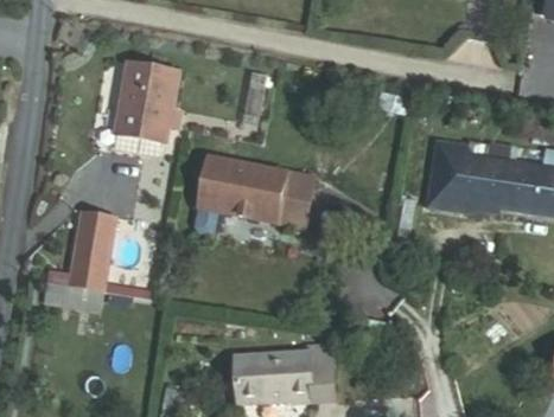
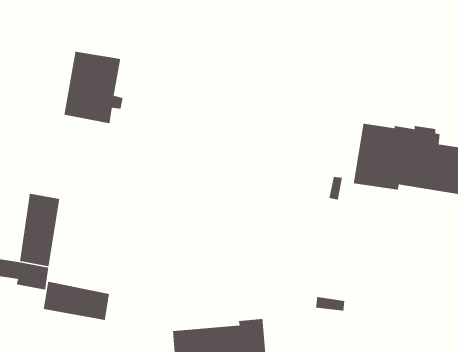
building: [193,159,310,237] -> none
building: none -> [43,281,110,321]

